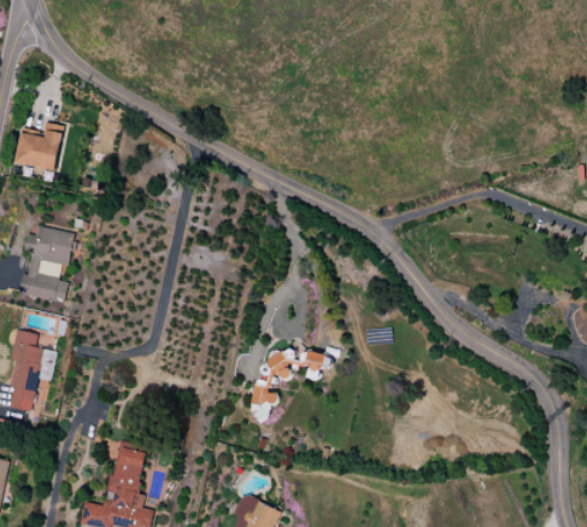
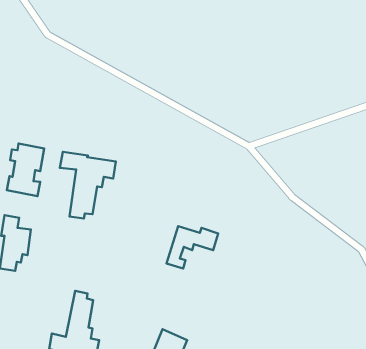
building: [14,122,63,170] -> none
building: none -> [60,152,116,218]

